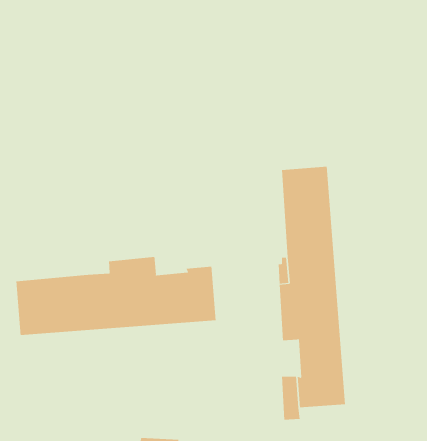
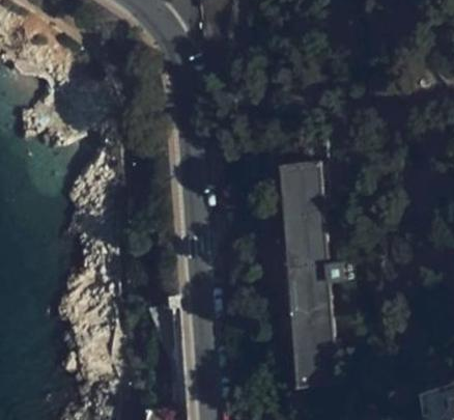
building: [16,256,216,336] -> none

